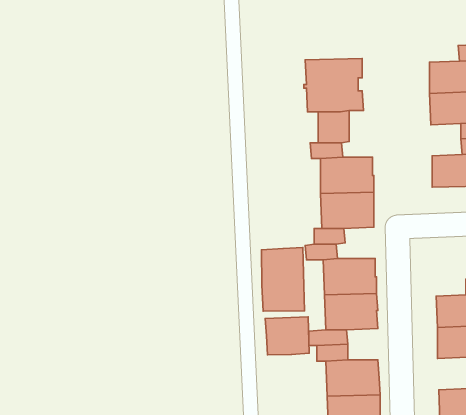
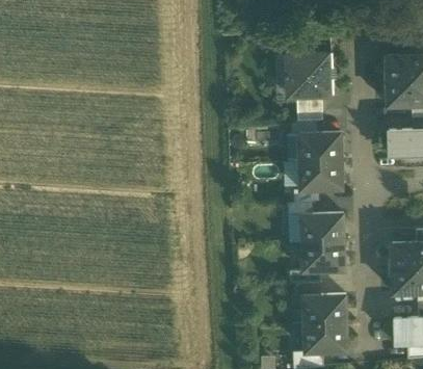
building: [262,248,304,311] -> none
building: [265,317,309,355] -> none

